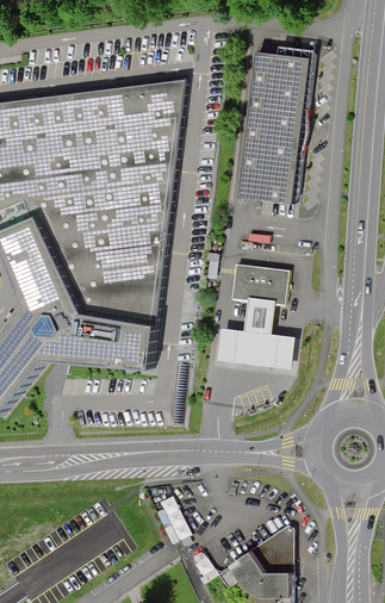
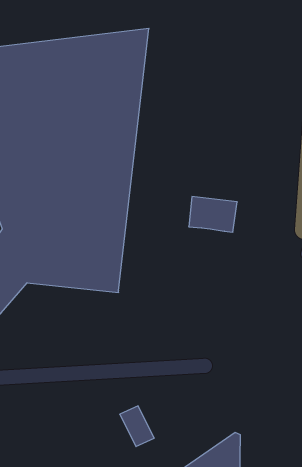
building: [240,56,309,200] -> none
building: [218,299,291,368] -> none

